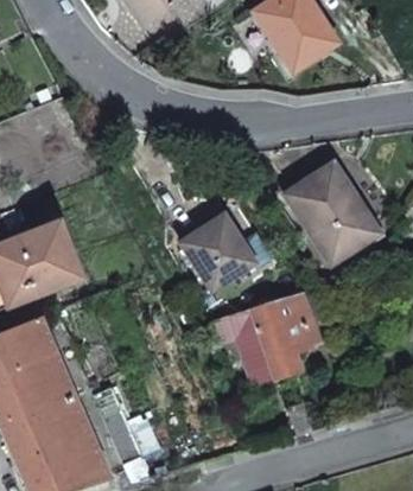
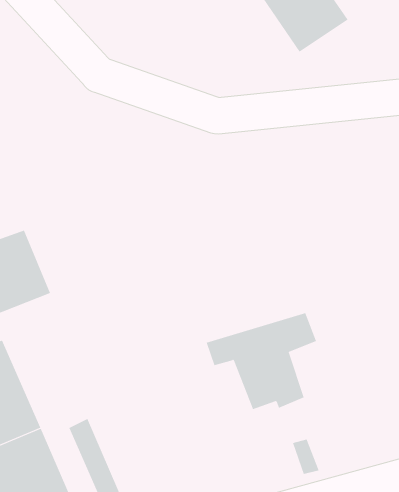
building: [287,162,374,263] -> none
building: [183,216,254,289] -> none

